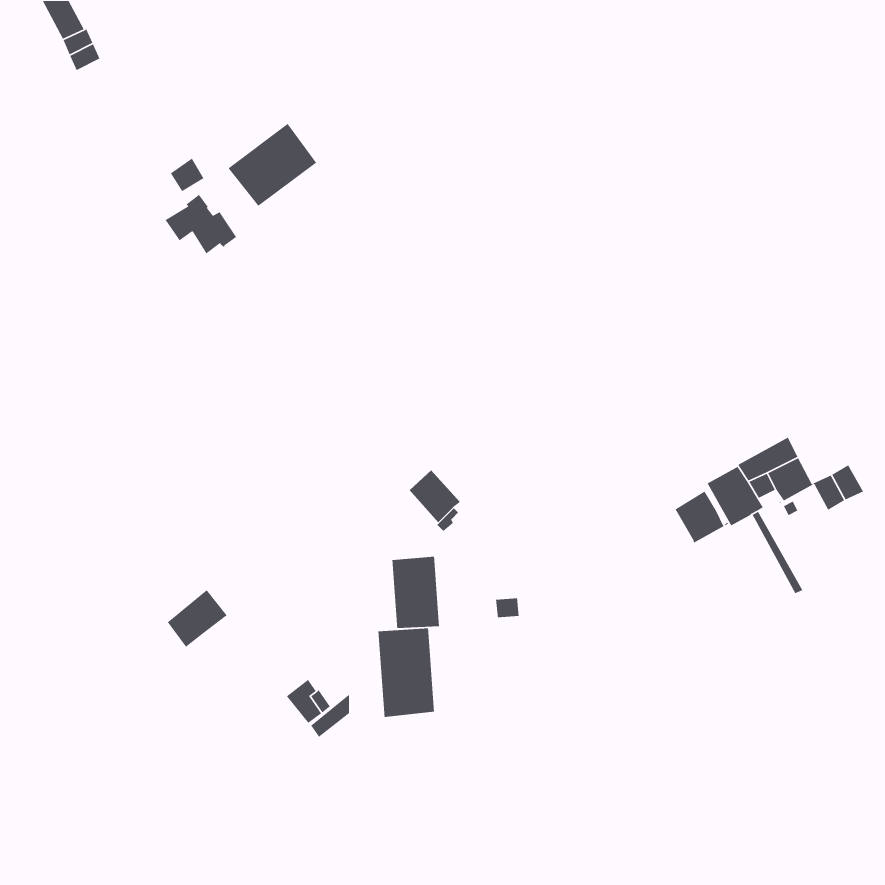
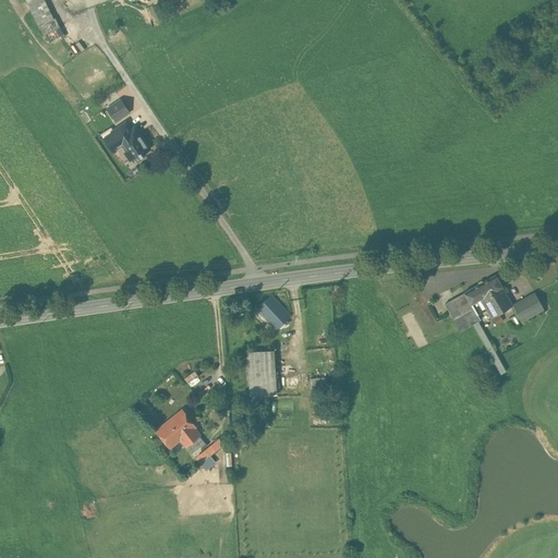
building: [227,123,317,207] -> none
building: [675,490,729,544] -> none
building: [167,589,228,648] -> [157,410,195,447]
building: [378,627,435,718] -> none

